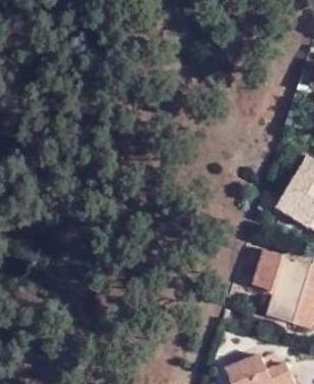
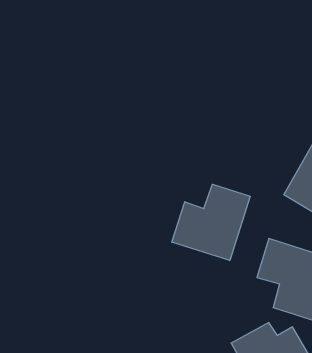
building: none -> [172,184,250,261]

